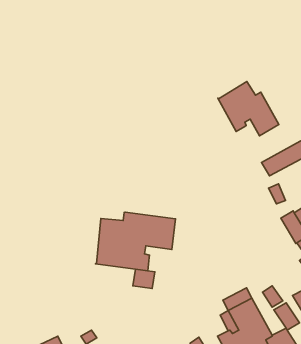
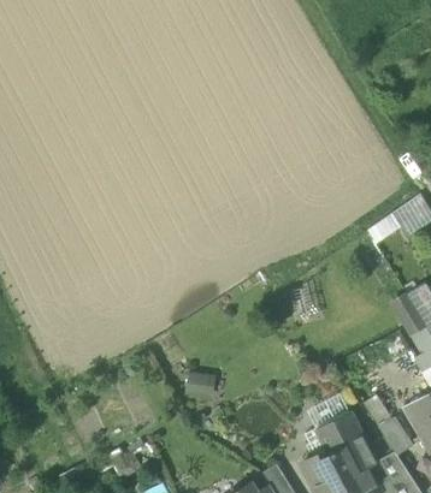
building: [218,82,279,136] -> none
building: [96,212,175,271] -> none

